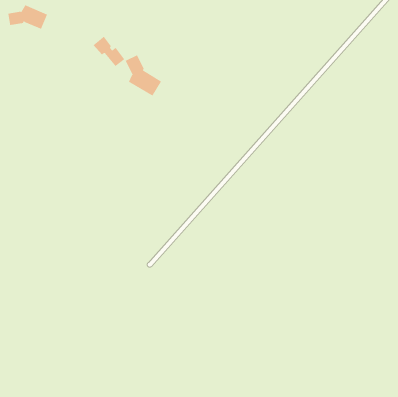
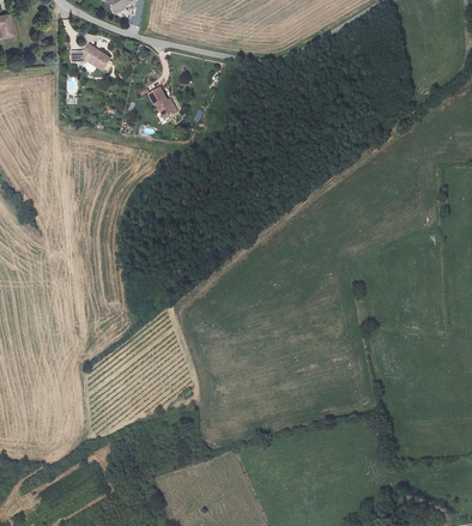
building: [125,54,162,97] -> none

